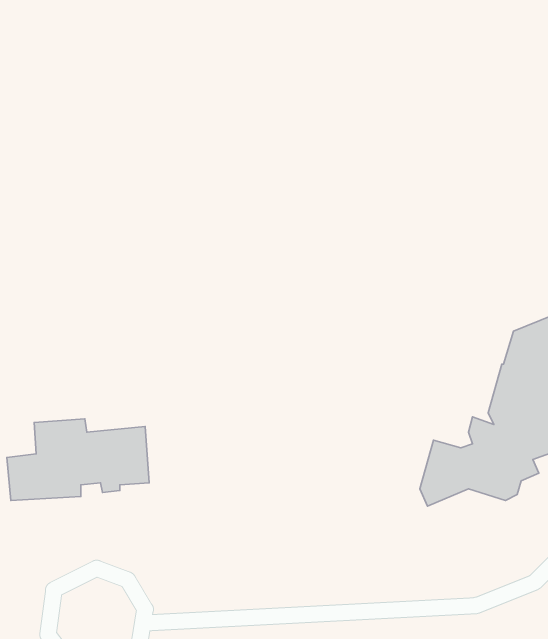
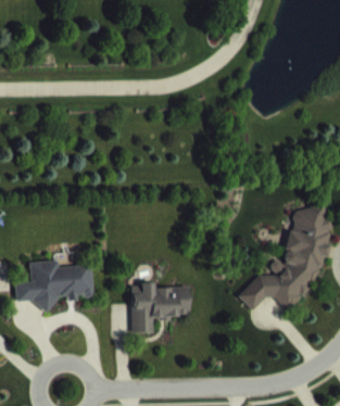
building: none -> [131,284,190,333]

